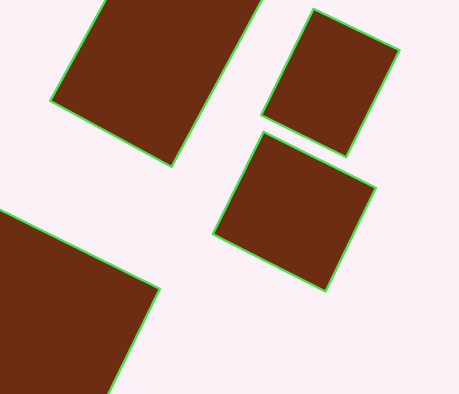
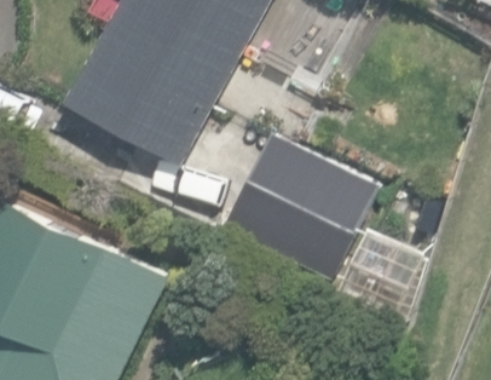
building: [261,9,399,157] -> none

